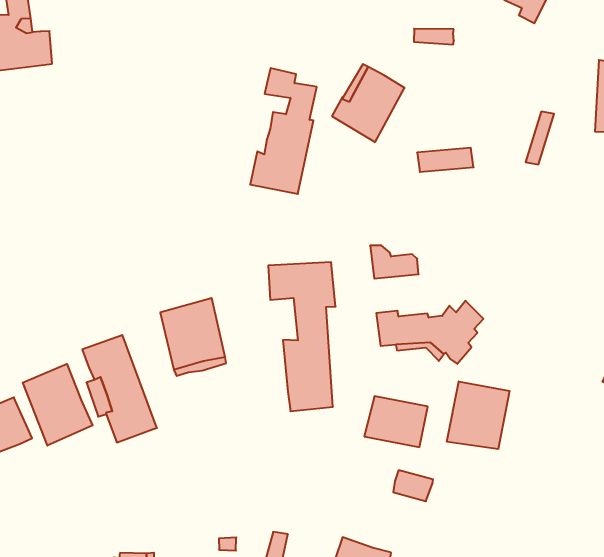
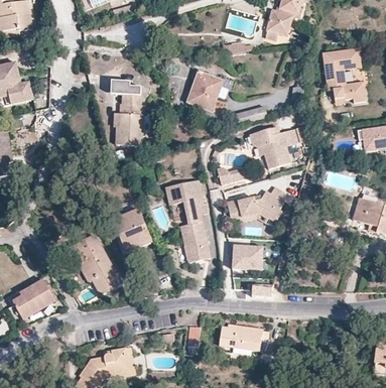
building: [250,68,317,194] -> [115,81,143,145]
building: none -> [249,130,300,170]
building: [23,364,93,446] -> none
building: [447,381,510,449] -> none

